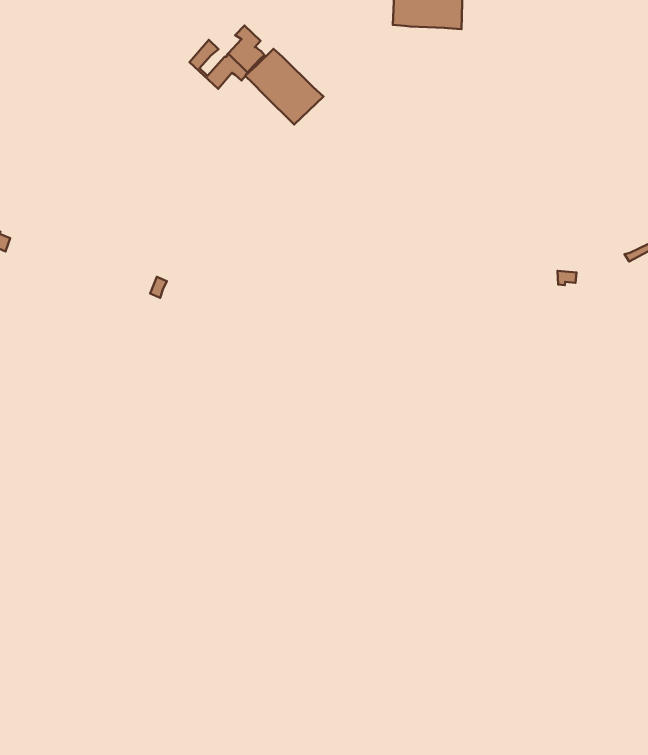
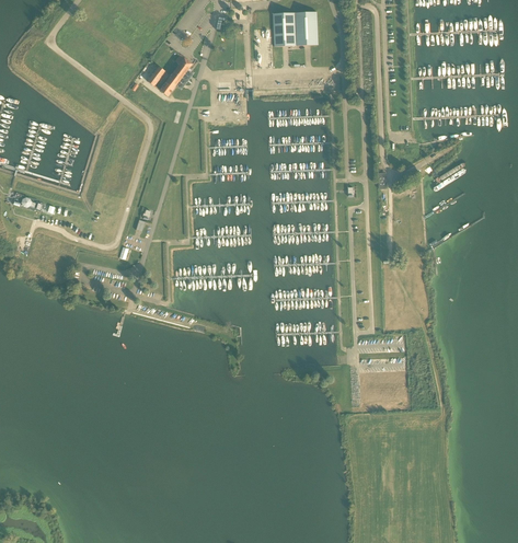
building: [245,49,323,124] -> none

